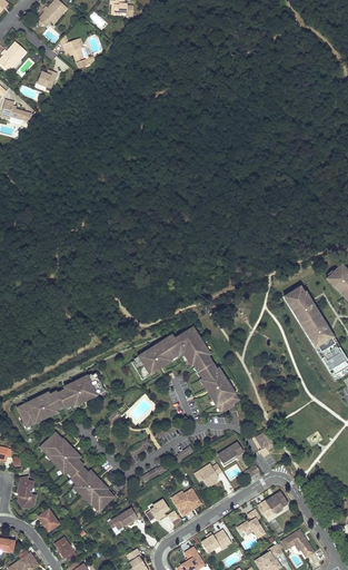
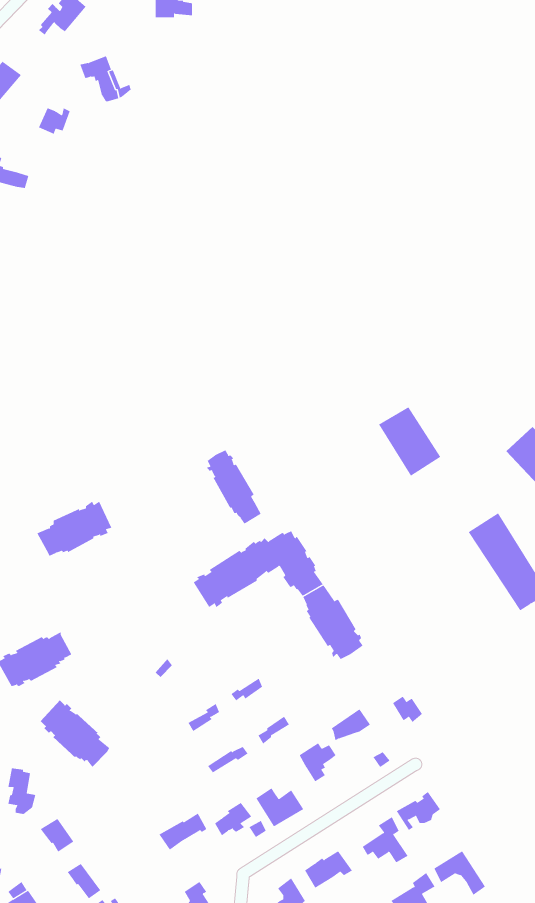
building: none -> [206,450,261,524]
building: [282,287,321,331] -> [378,406,441,477]
building: [51,375,98,410] -> [37,501,112,557]
building: [69,468,112,510] -> none

